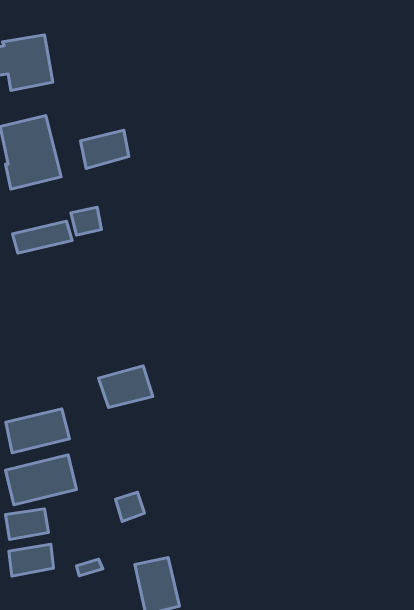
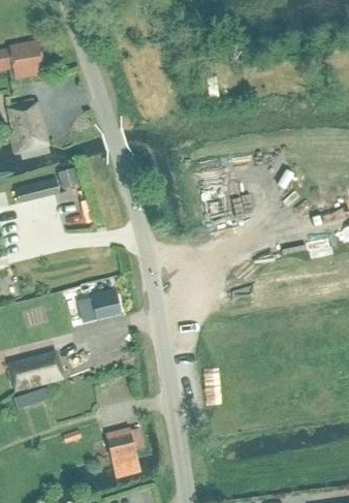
building: [80,130,129,168] -> none
building: [6,409,70,453] -> none
building: [9,544,53,576] -> none

